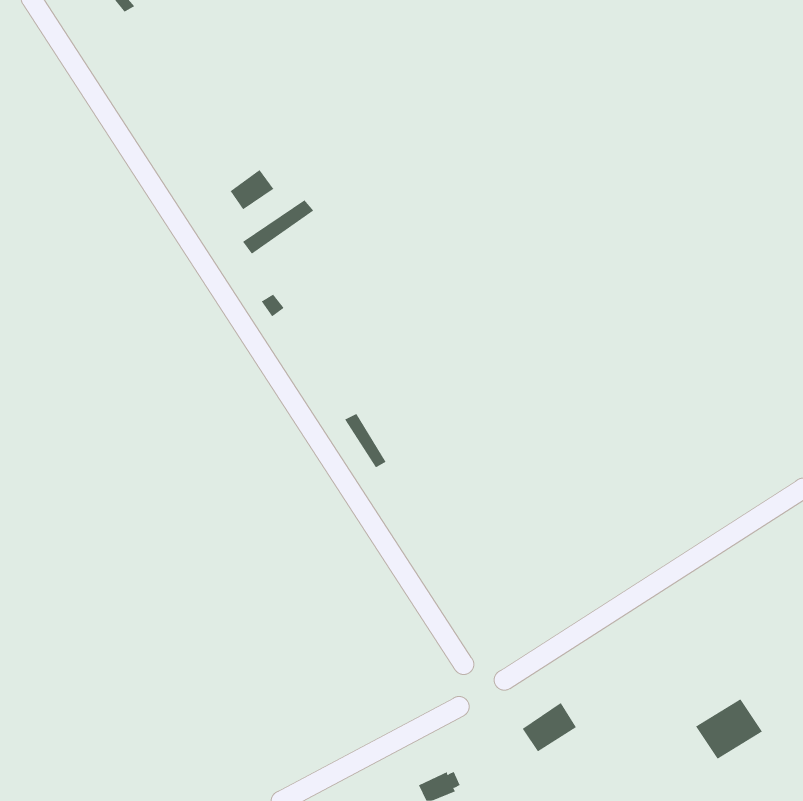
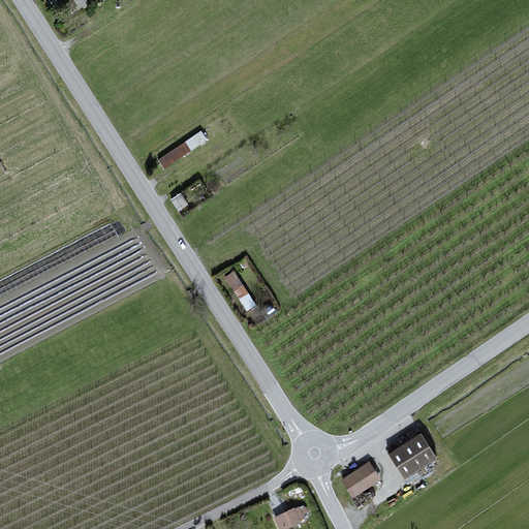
building: [230,169,274,210] -> none
building: [695,698,763,760] -> [392,435,436,475]

